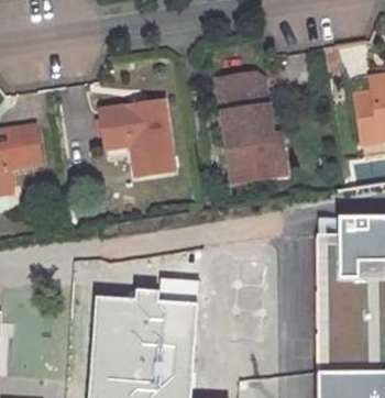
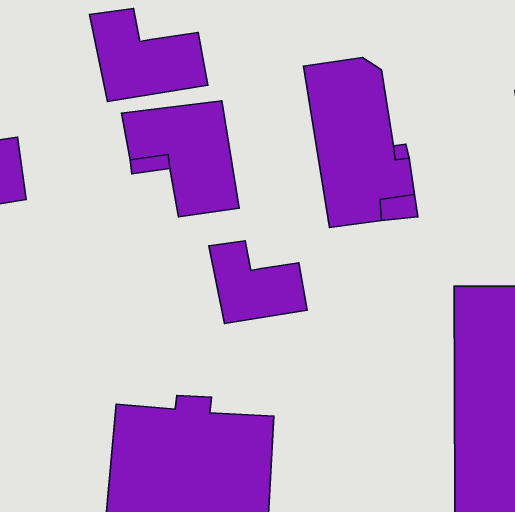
building: none -> [90,8,208,101]
building: none -> [209,241,307,323]

